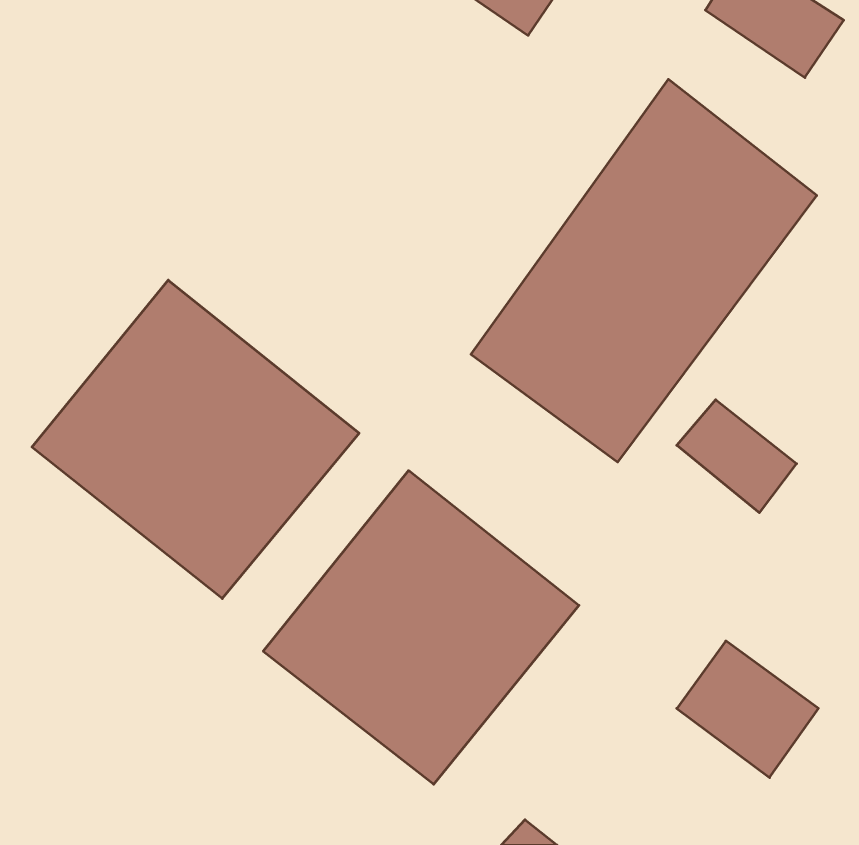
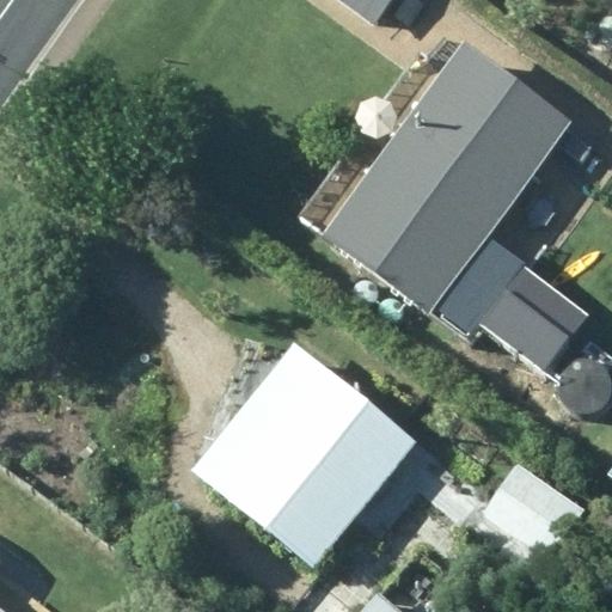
building: [32,280,359,599] -> none

